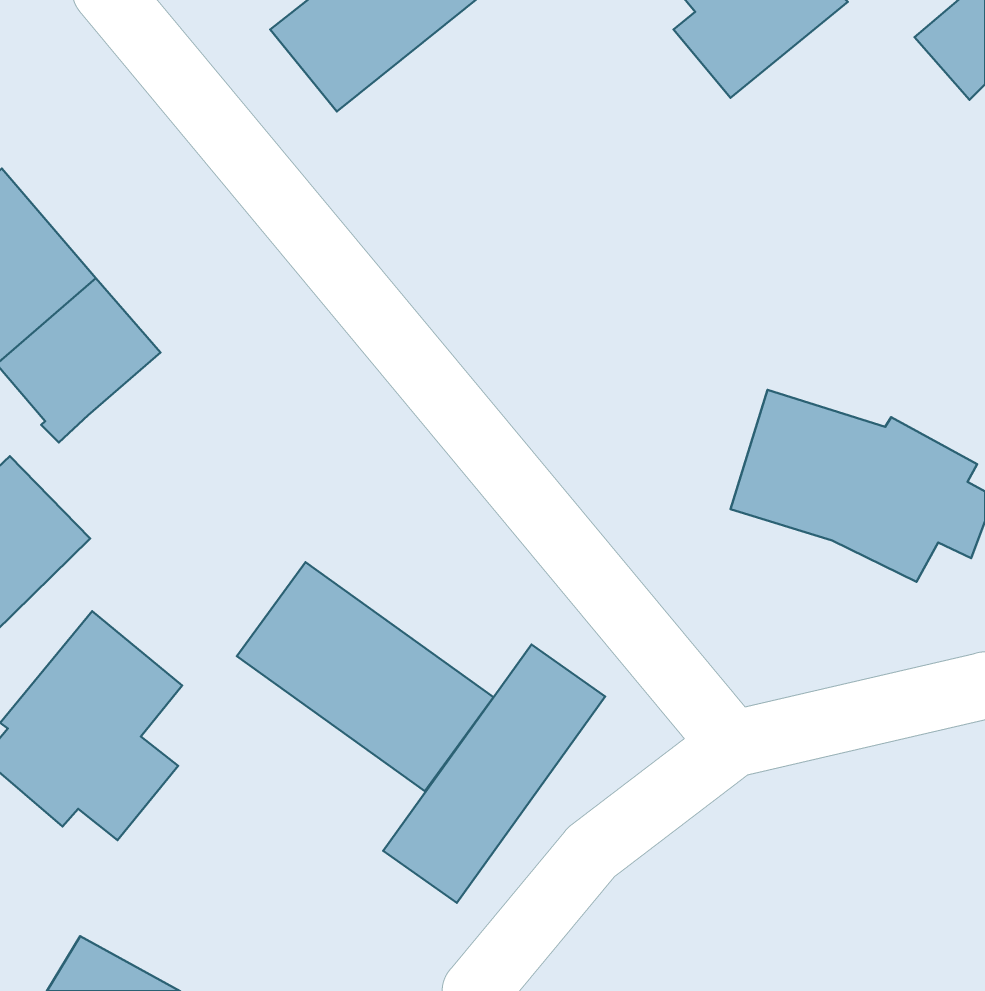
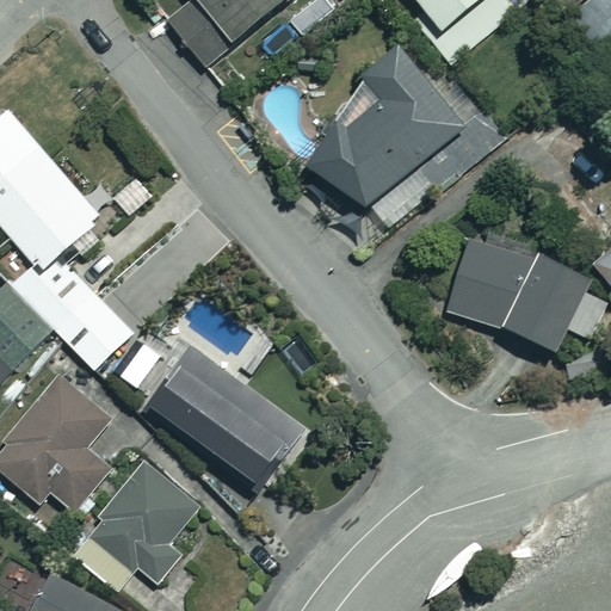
building: none -> [311,47,470,210]
building: none -> [6,253,128,366]
building: [383,644,605,903] -> none
building: none -> [86,458,195,579]

